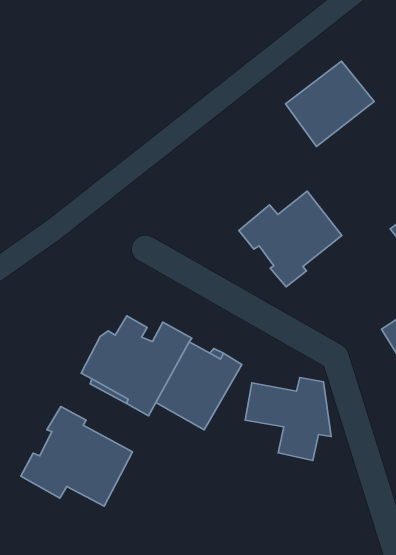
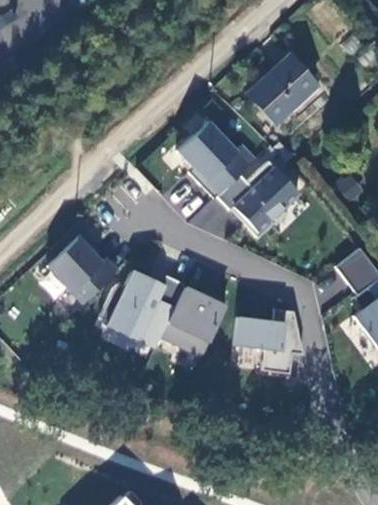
building: none -> [178,121,257,199]
building: none -> [46,232,119,303]
building: [21,406,132,506] -> none

